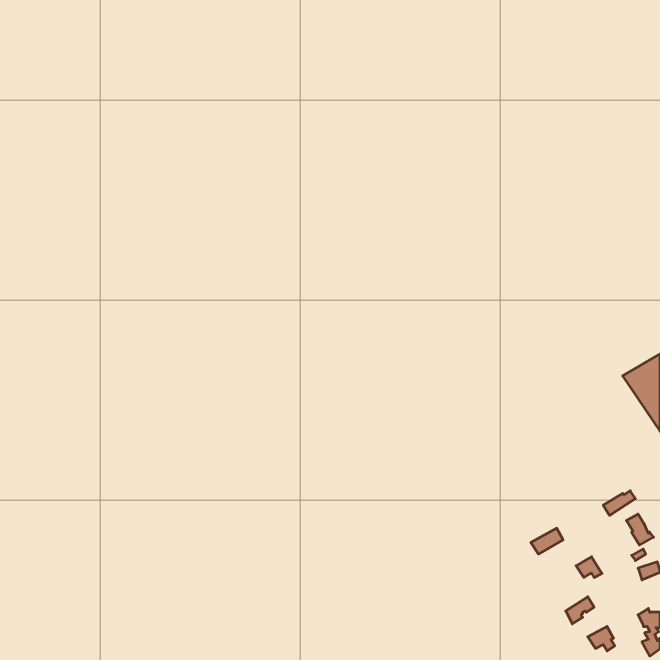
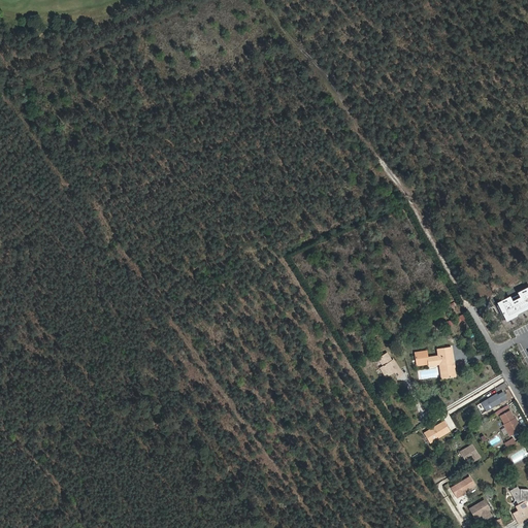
building: none -> [415,346,456,378]

